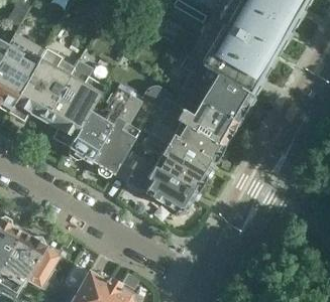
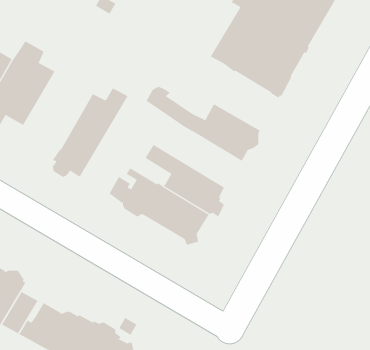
building: [44,36,106,148] -> none
building: [181,55,253,122] -> none
building: [91,94,142,177] -> none
building: [150,121,227,168] -> none

